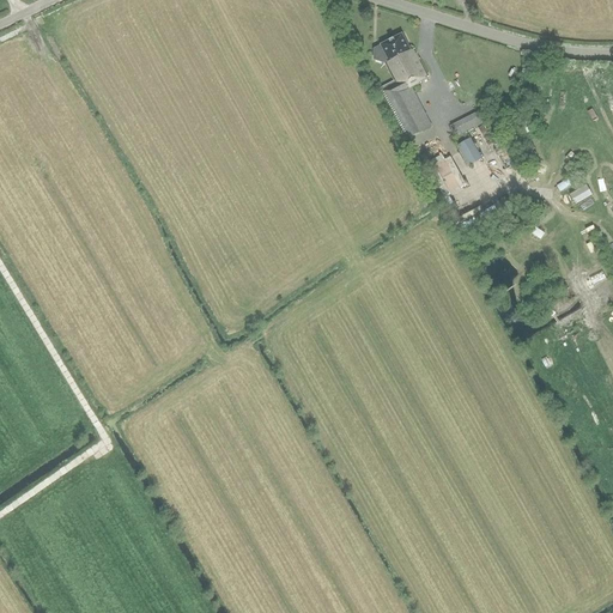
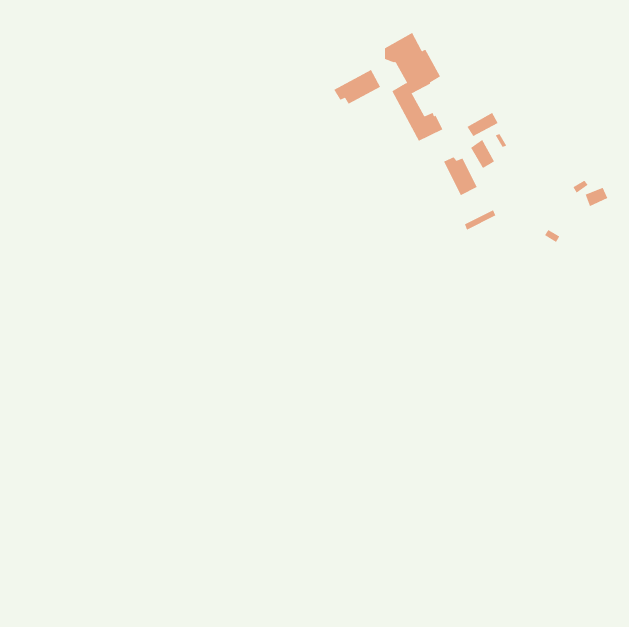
building: none -> [334,69,381,104]

